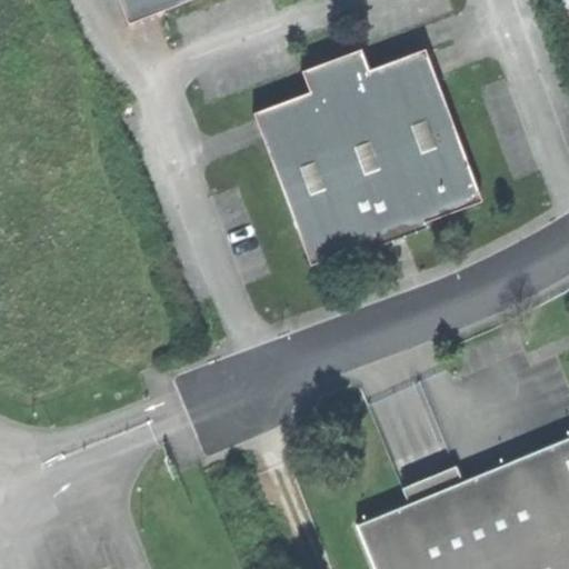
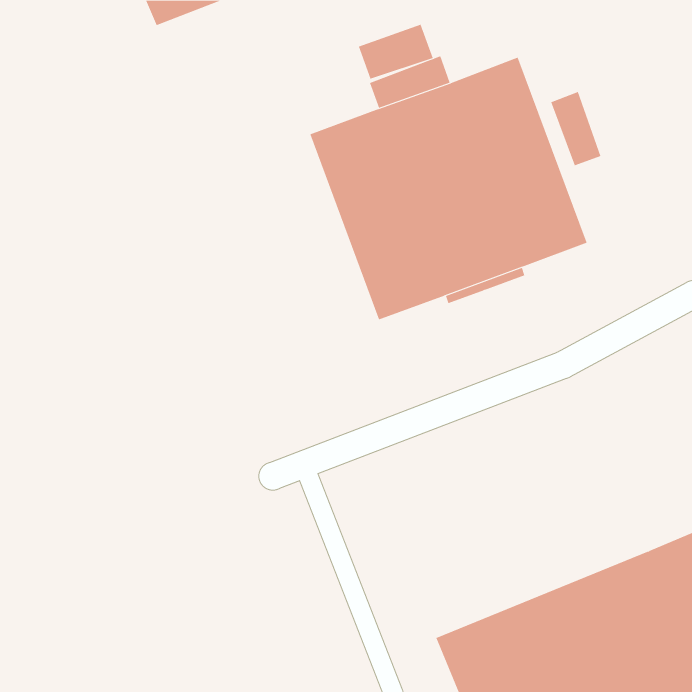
building: none -> [358,24,434,79]
building: none -> [551,91,601,166]

